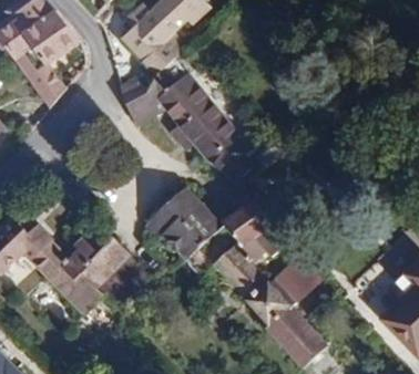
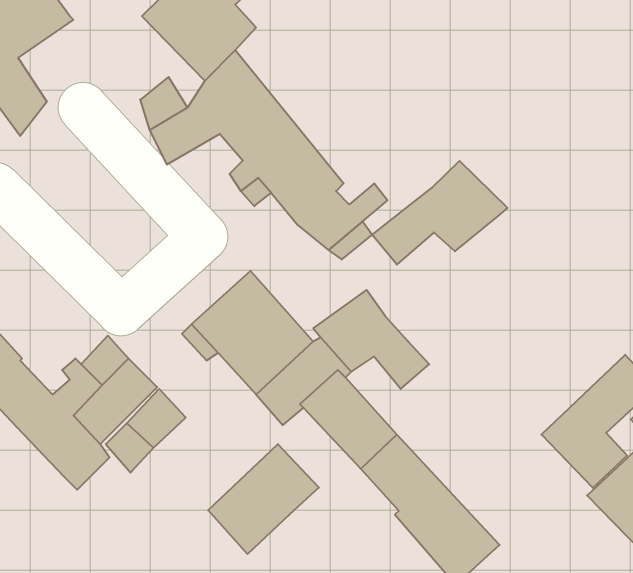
building: none -> [372,161,507,265]
building: [274,254,325,304] -> none
building: none -> [208,444,319,554]

